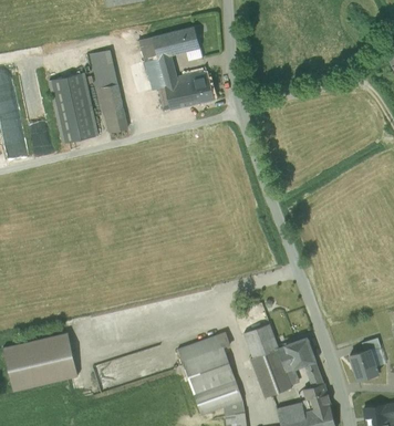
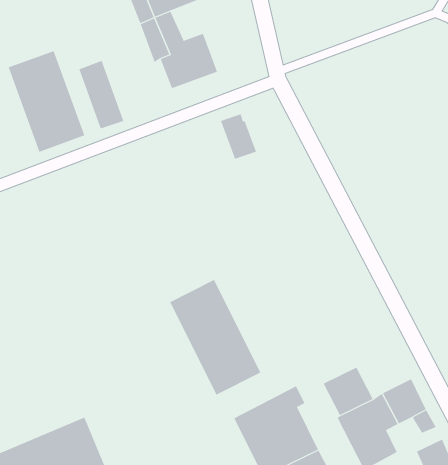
building: [90,50,116,89] -> none
building: [190,71,214,103] -> [220,113,257,159]
building: none -> [169,279,261,395]

